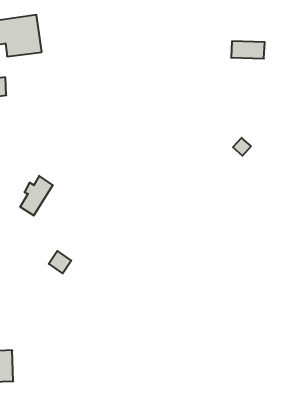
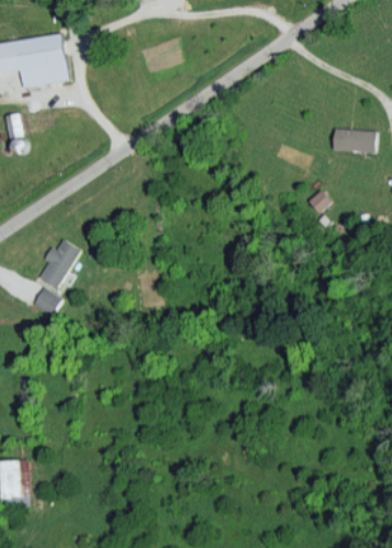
building: [231,41,265,59] -> [333,130,376,152]
building: [49,251,71,273] -> [34,287,63,315]

